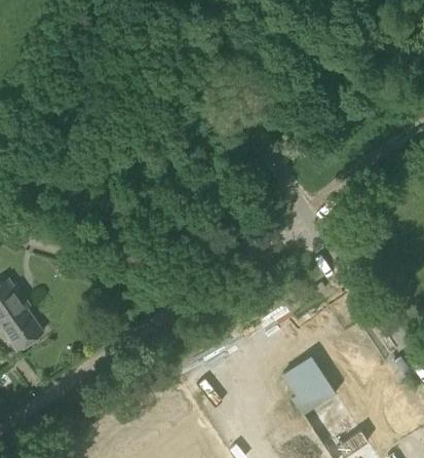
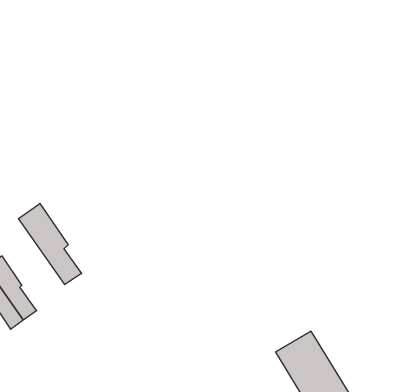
building: none -> [18,203,82,285]

